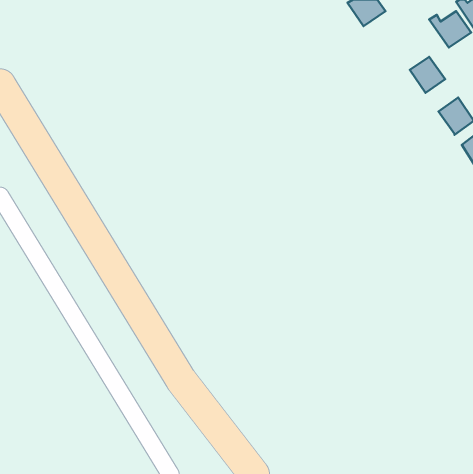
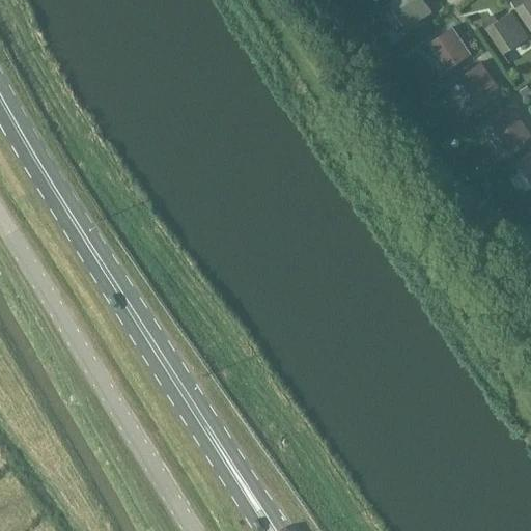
building: none -> [430,27,471,68]

